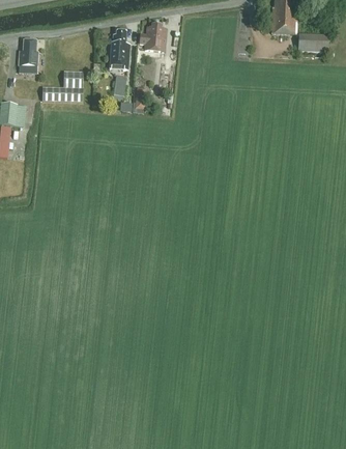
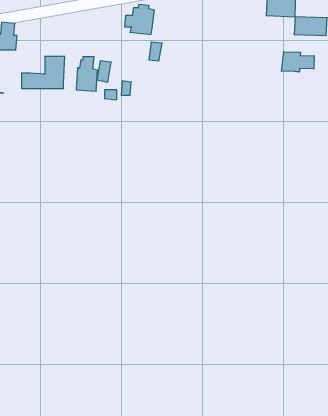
building: [109,31,128,63] -> [76,57,97,91]
building: none -> [281,52,314,72]

